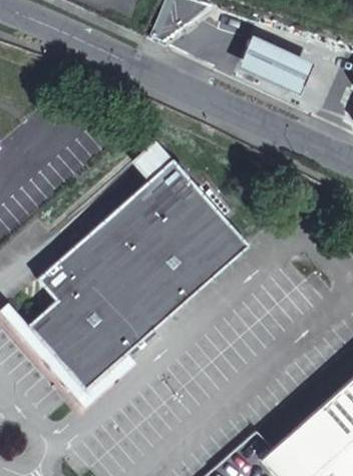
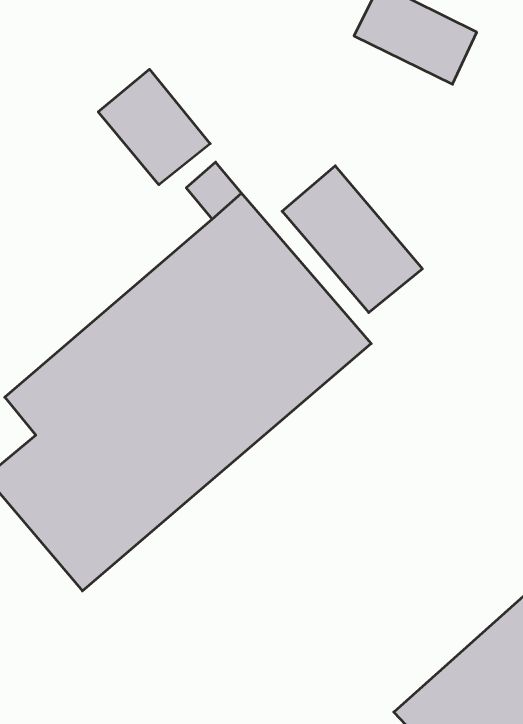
building: none -> [98,69,210,185]
building: none -> [282,166,422,313]

